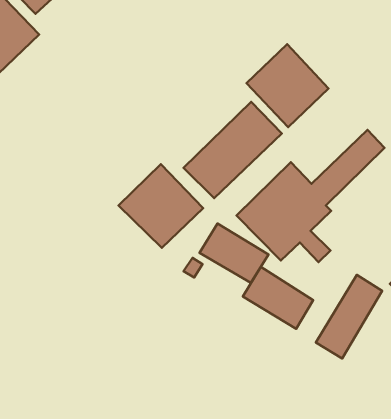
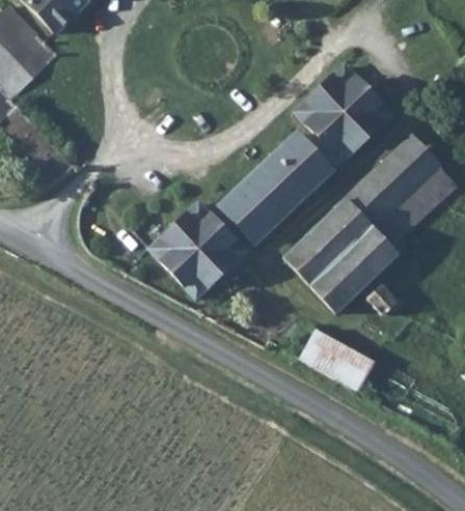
building: none -> [347,137,435,225]
building: [200,224,269,283] -> none
building: [316,275,382,359] -> none

